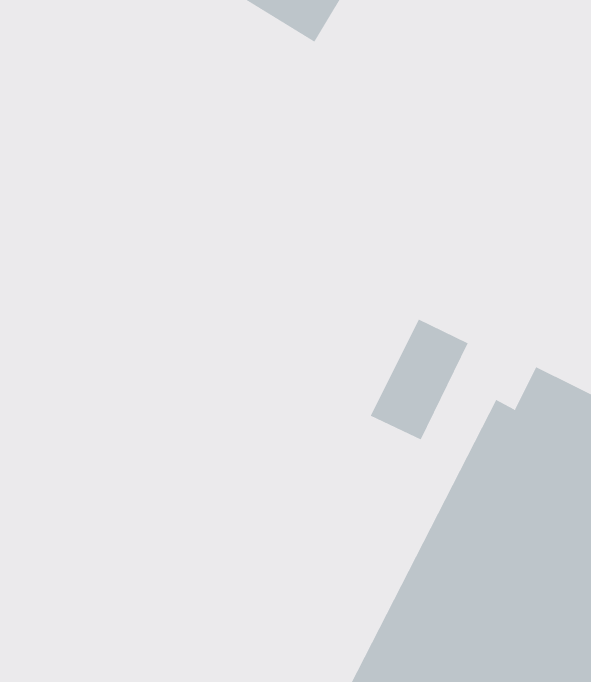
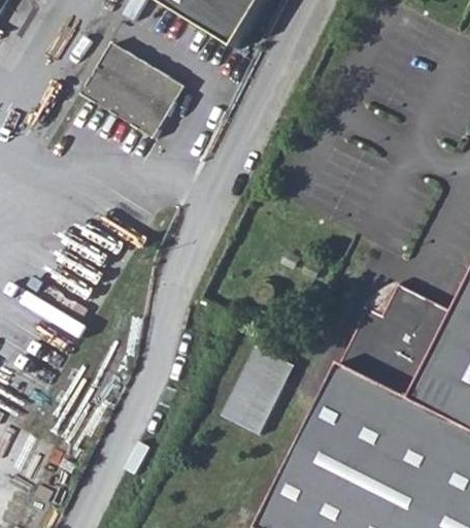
building: none -> [81,43,183,137]
building: [370,319,468,440] -> [222,345,293,433]

